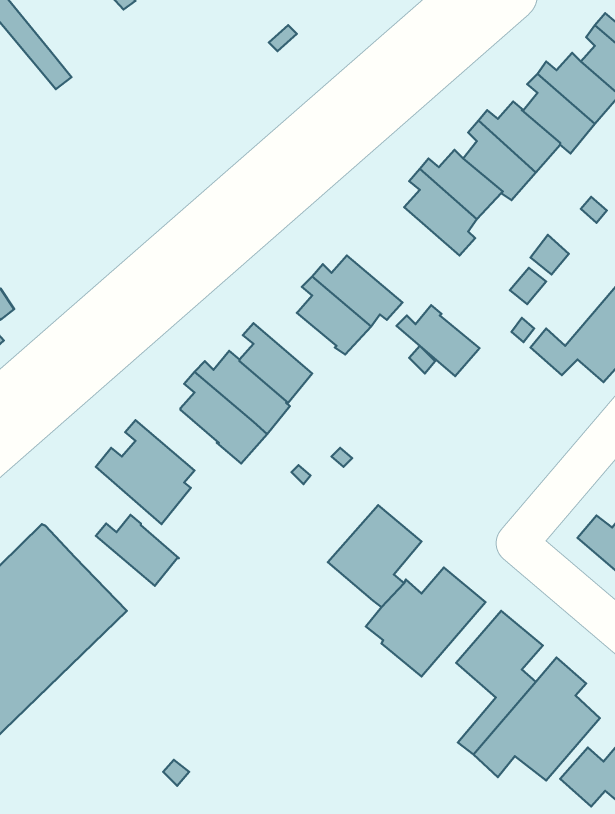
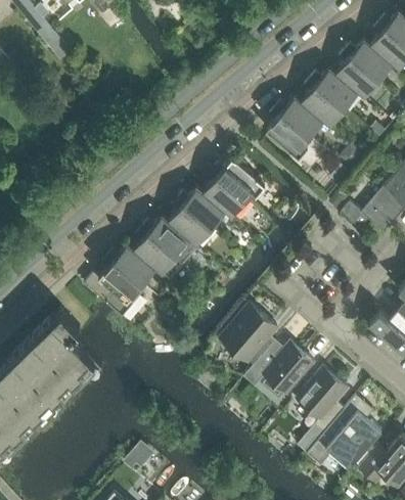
building: [396,305,480,376] -> [178,184,227,226]
building: [96,515,179,586] -> [108,241,158,283]

